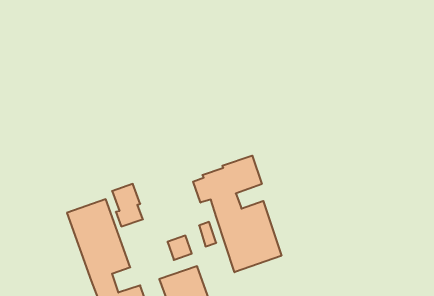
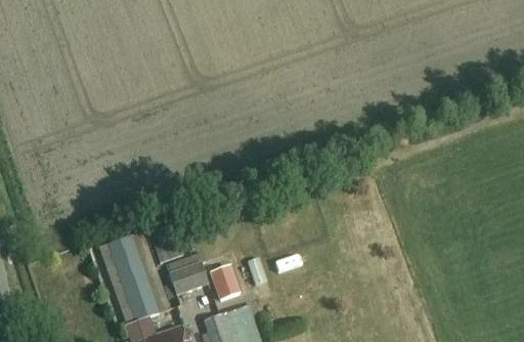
building: [193,156,281,272] -> none
building: none -> [169,259,209,294]

